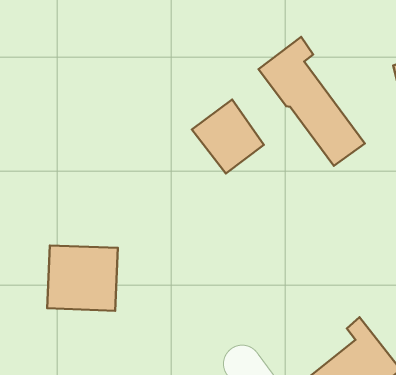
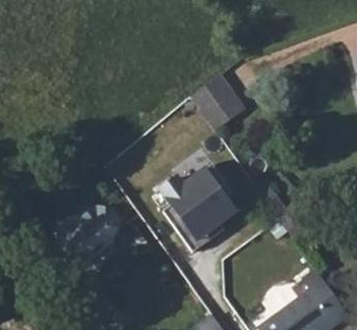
building: [258,37,365,166] -> none
building: none -> [166,162,244,237]

